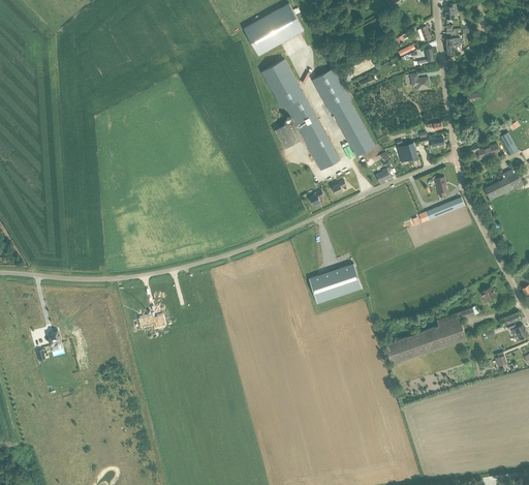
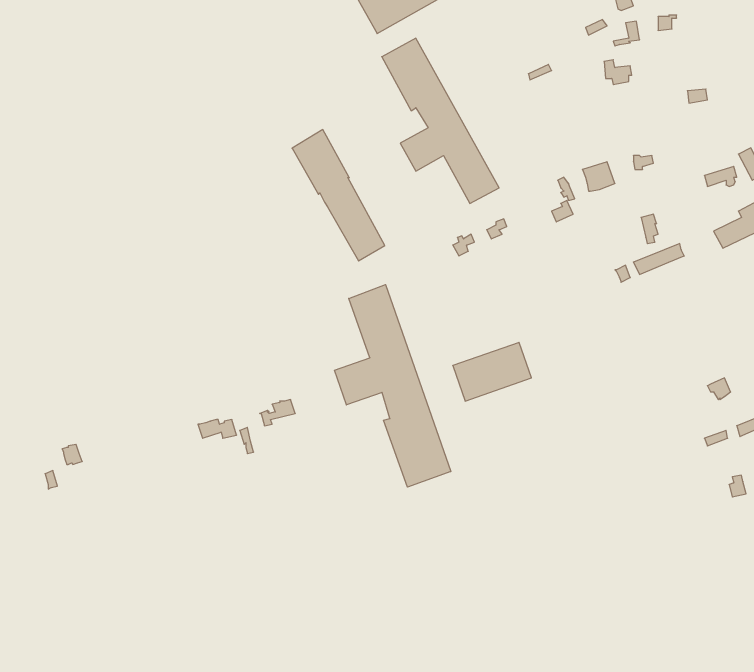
building: [312,67,374,155] -> [292,130,385,261]
building: none -> [334,285,451,487]
building: [384,305,477,363] -> none

